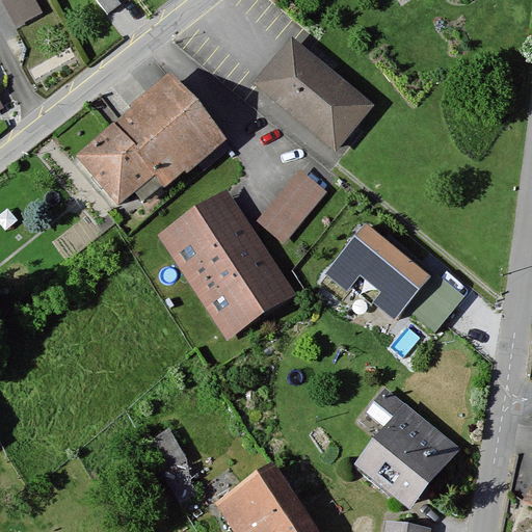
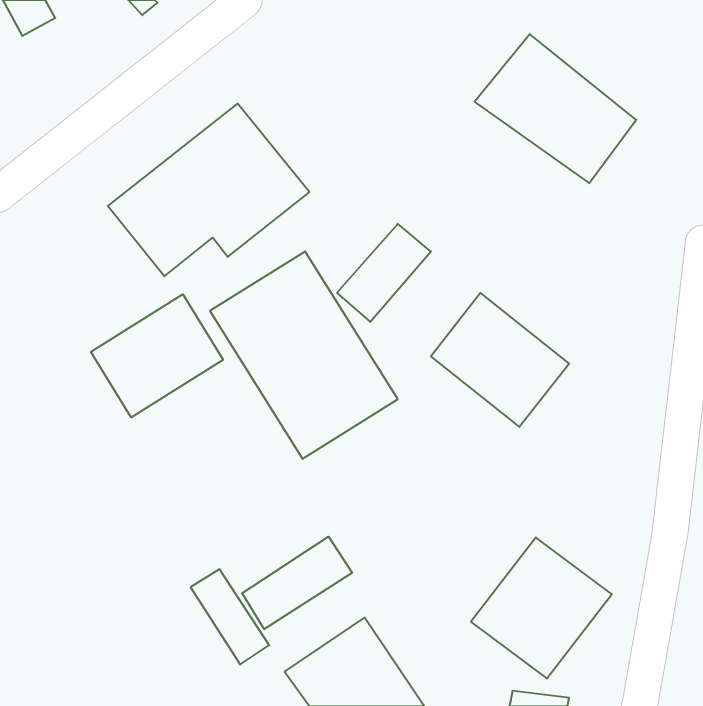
building: [241,31,363,143] -> [475,34,636,183]
building: none -> [91,294,223,417]
building: none -> [242,537,352,629]

